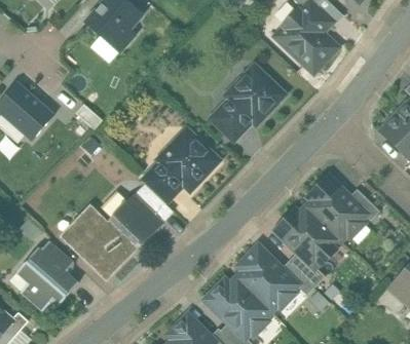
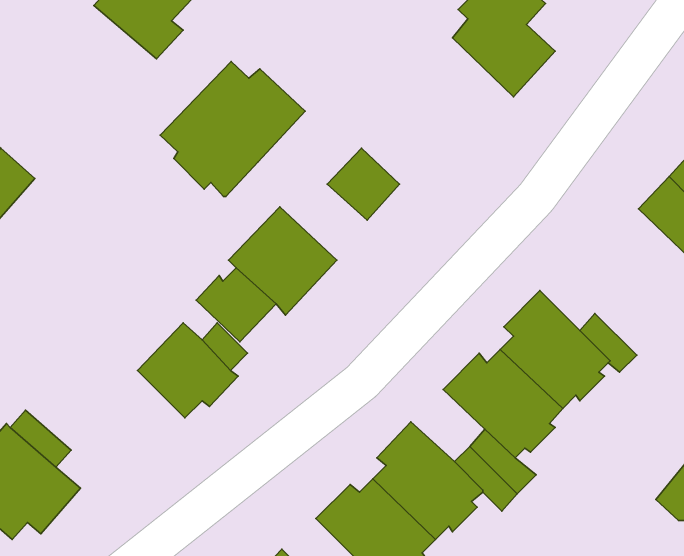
building: none -> [160,62,305,197]
building: [227,67,283,122] -> none
building: [62,209,136,277] -> none

